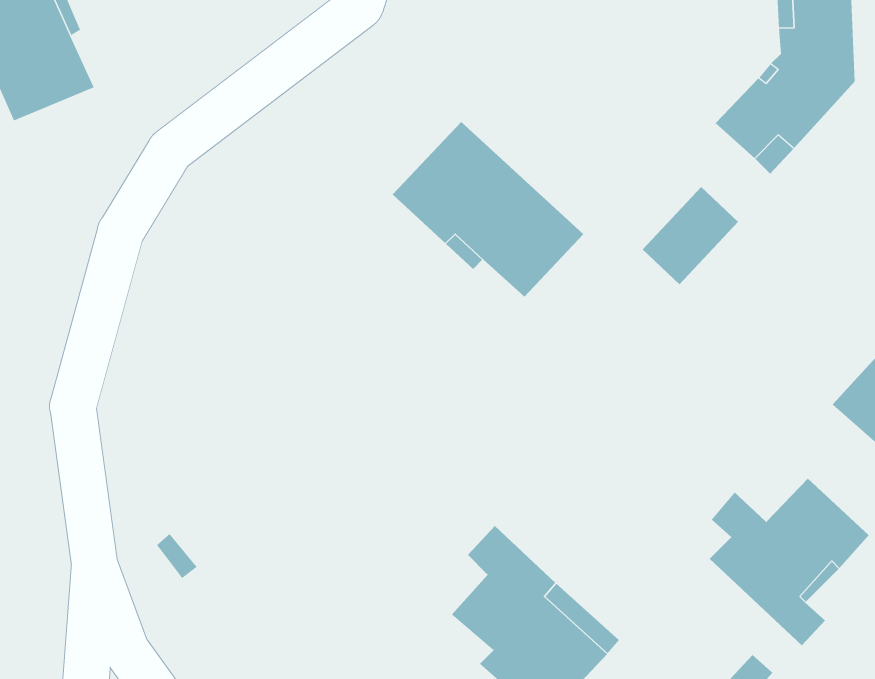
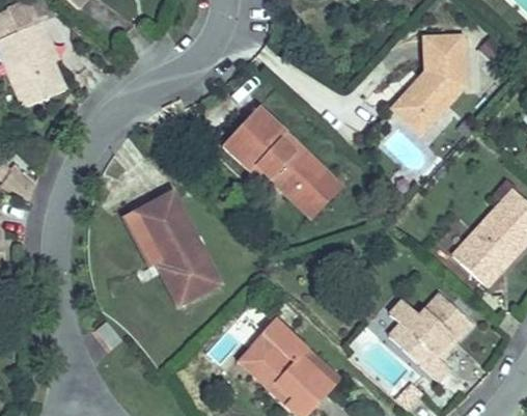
building: [642,186,739,285] -> [292,165,342,217]
building: none -> [132,190,222,303]
building: none -> [237,333,275,390]

